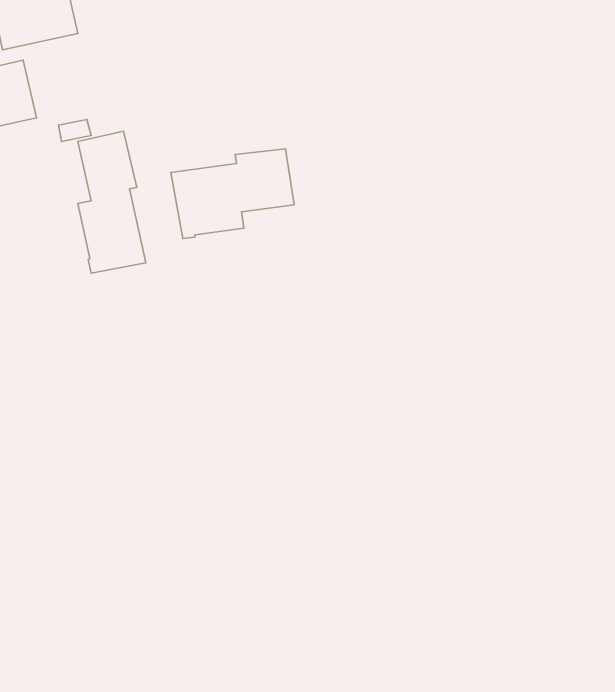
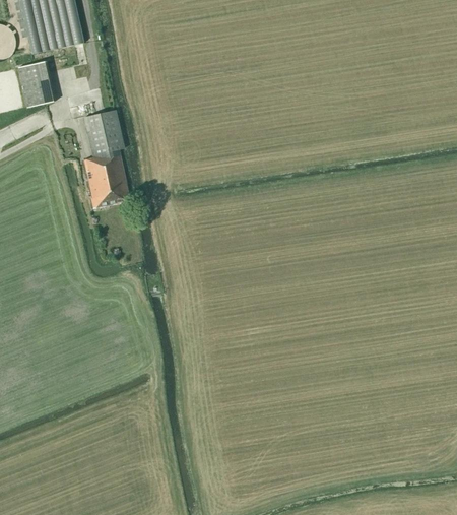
building: [171,149,294,239] -> none

